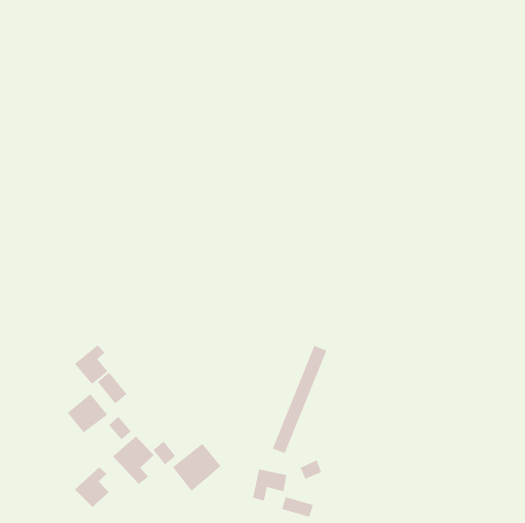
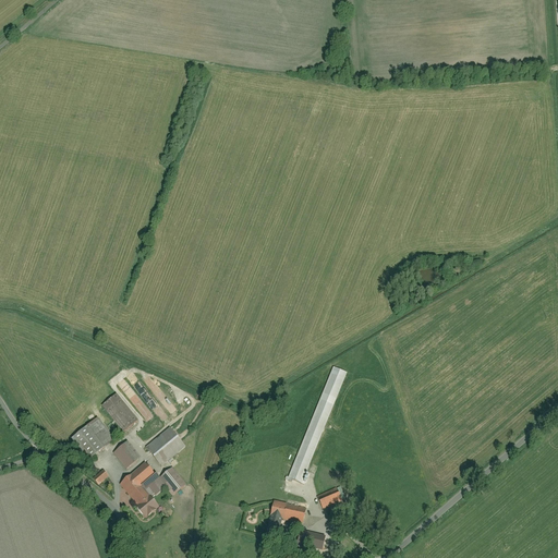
building: [74,344,108,385] -> none
building: none -> [146,426,184,463]
building: [172,443,221,492] -> none
building: [74,467,110,508] -> none

